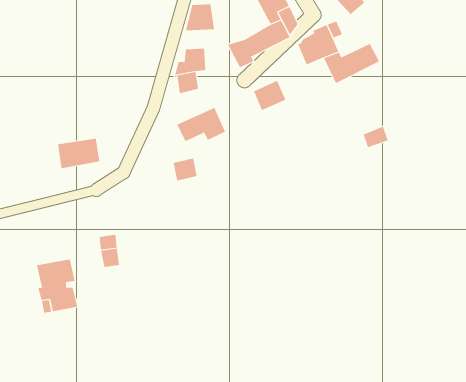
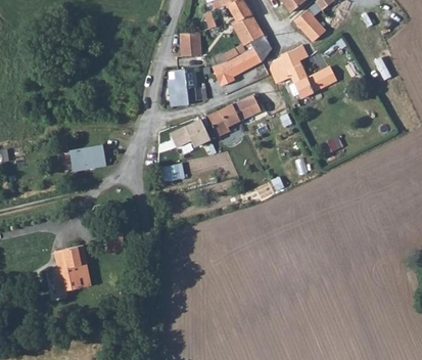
building: none -> [206,105,239,138]

